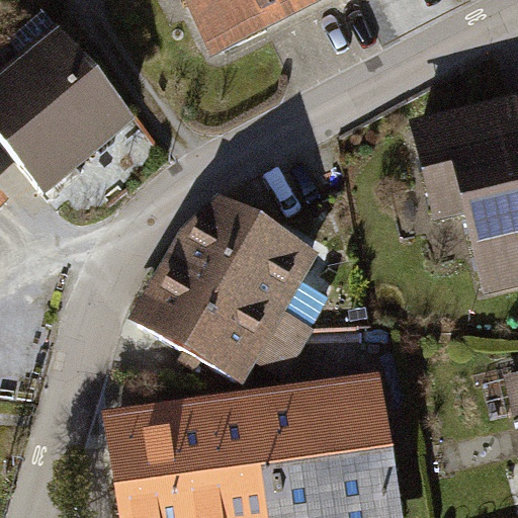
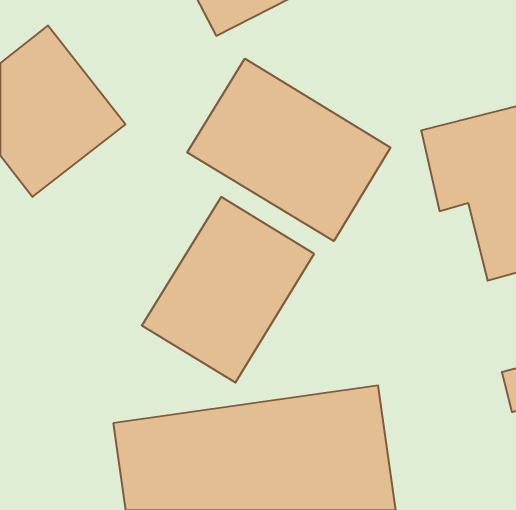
building: none -> [187,59,390,241]

